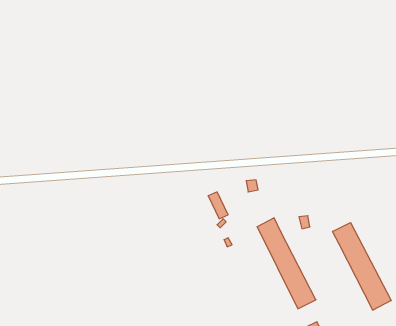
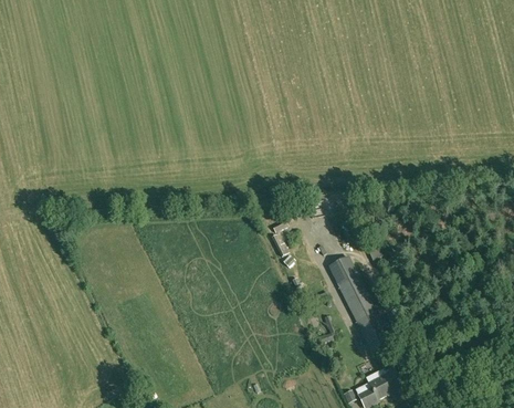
building: [333,223,391,310] -> none

